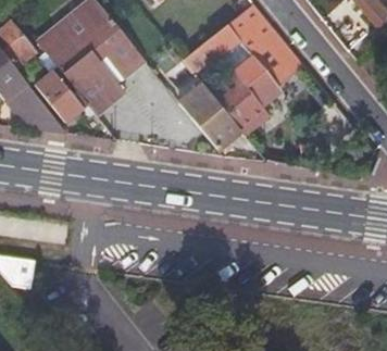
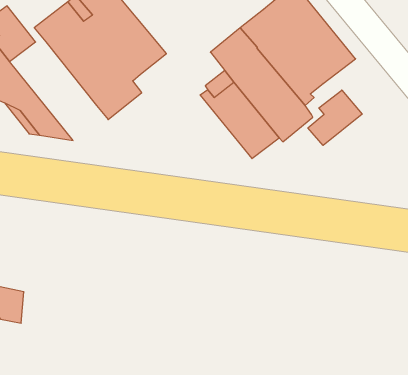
building: [36,51,88,122] -> none
building: none -> [308,90,362,145]

